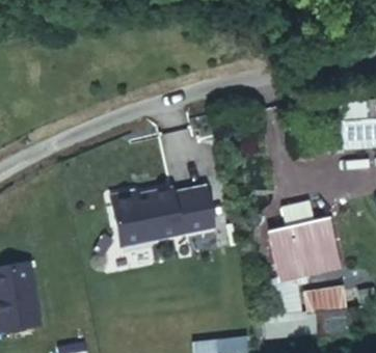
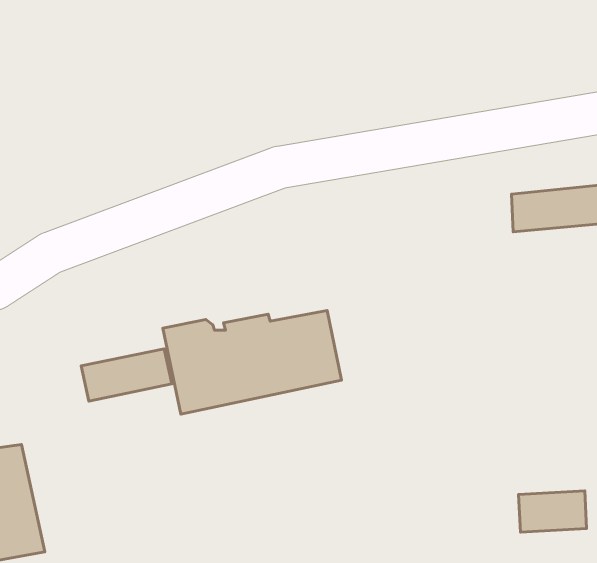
building: none -> [81,349,172,401]
building: [268,218,343,283] -> none

